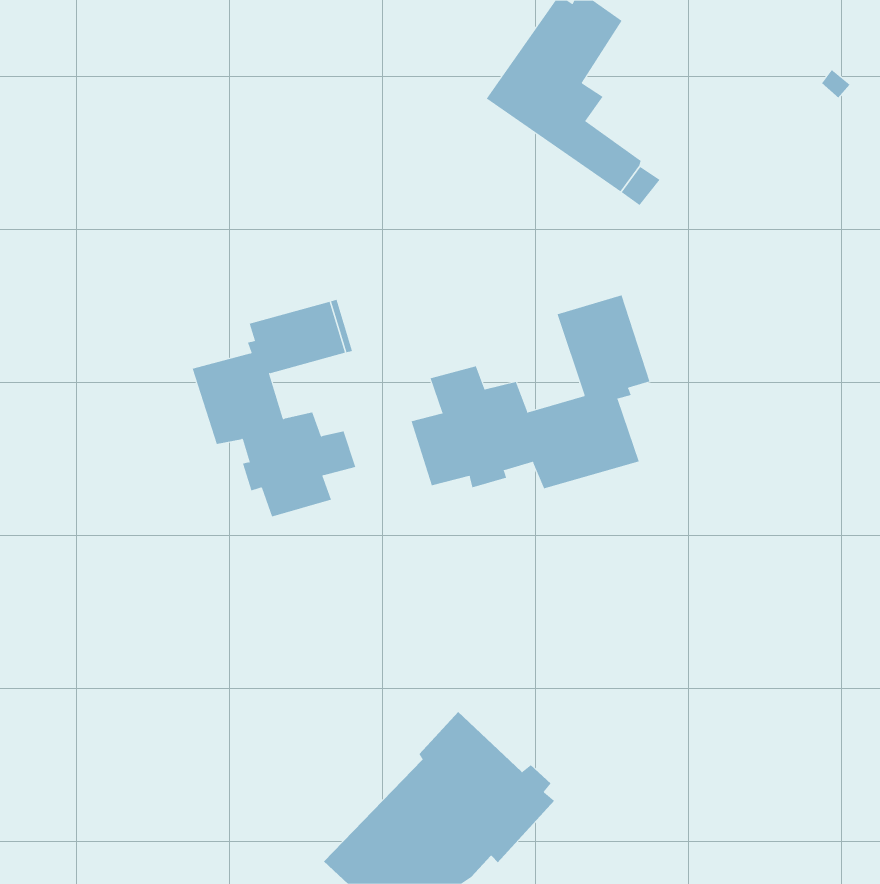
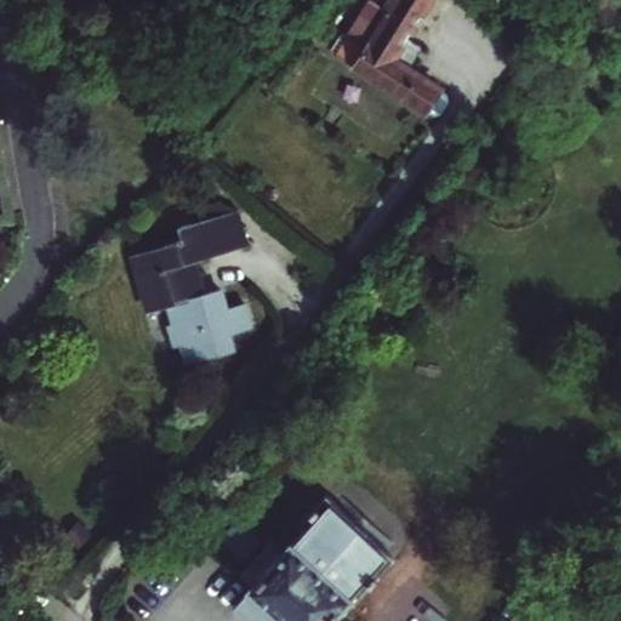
building: [411,294,650,489] -> none

